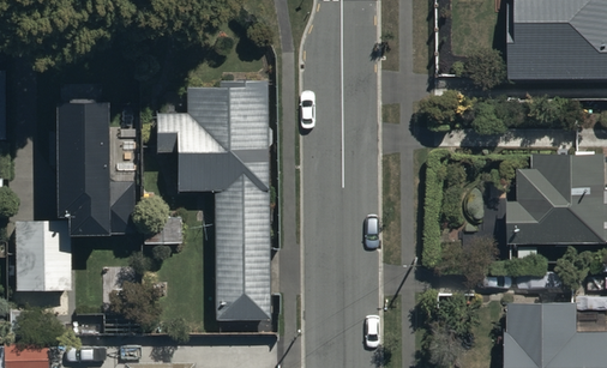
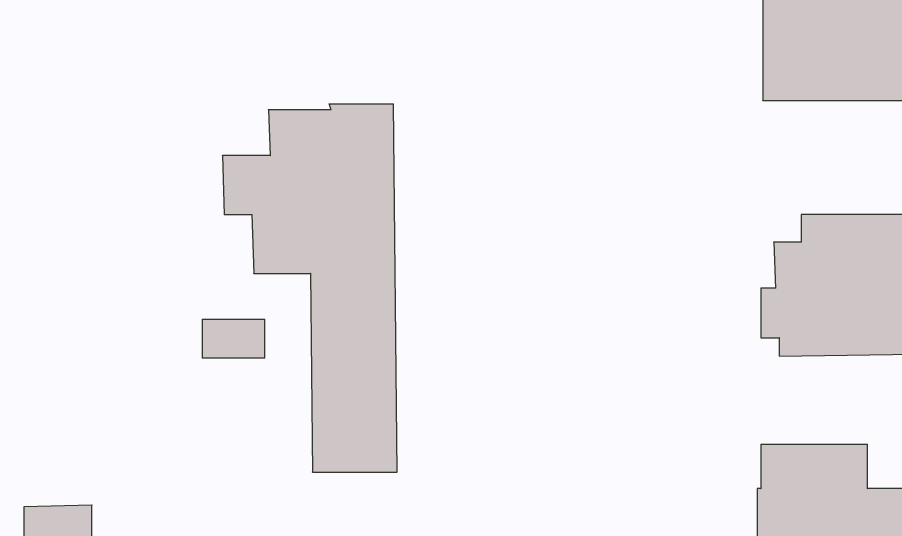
building: [14,111,137,297] -> none

